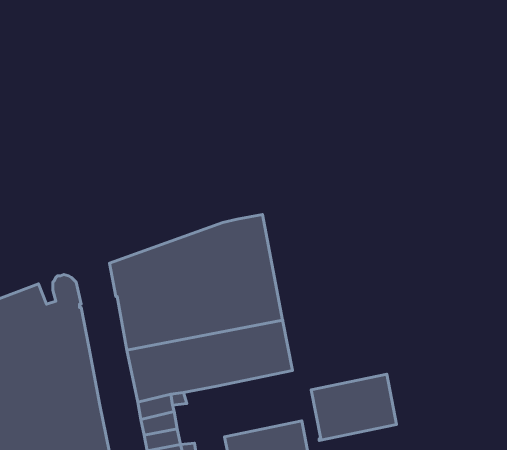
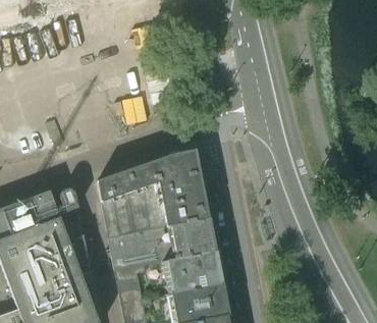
building: [311,374,396,440] -> [165,250,220,292]

